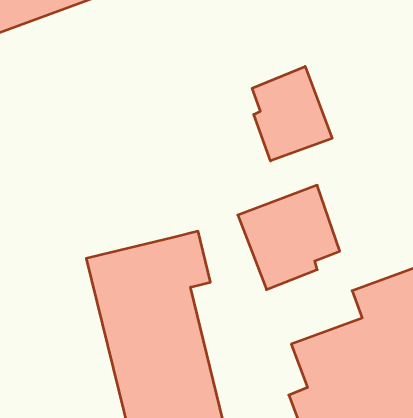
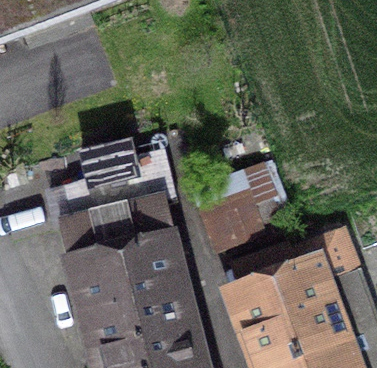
building: [252,66,332,161] -> none
building: none -> [73,149,145,222]

